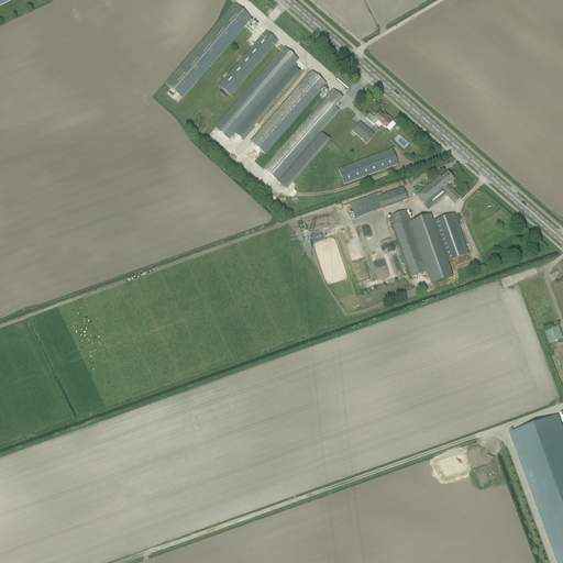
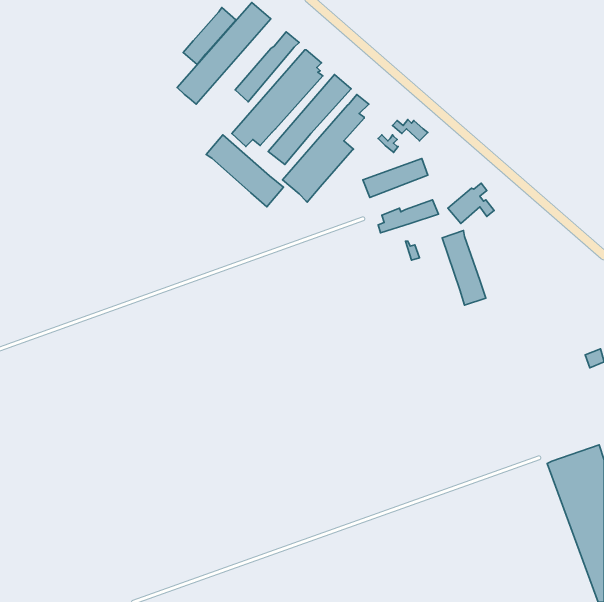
building: none -> [183,8,236,65]
building: none -> [206,135,284,207]
building: [387,209,428,278] -> none
building: [432,211,470,261] -> none

